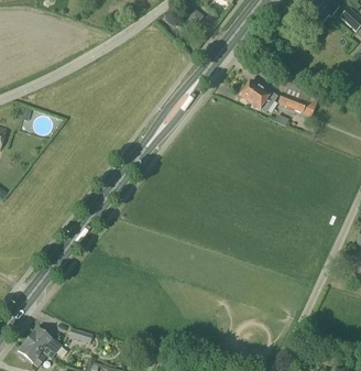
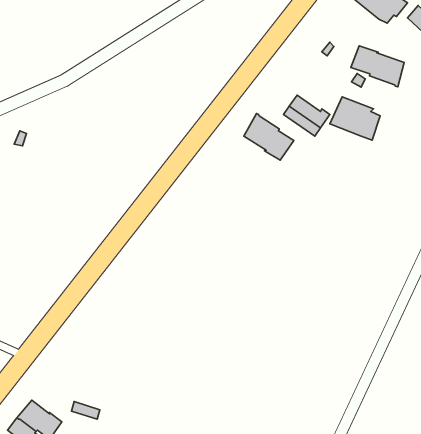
building: none -> [351,46,404,87]
building: none -> [244,113,294,160]

